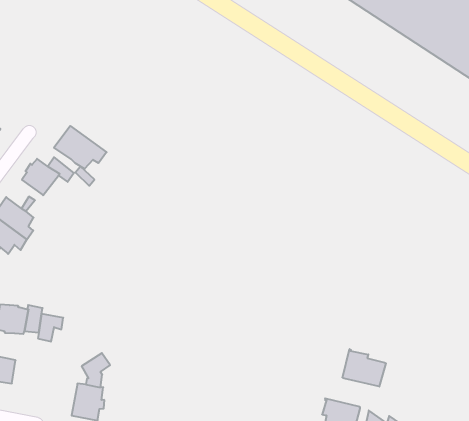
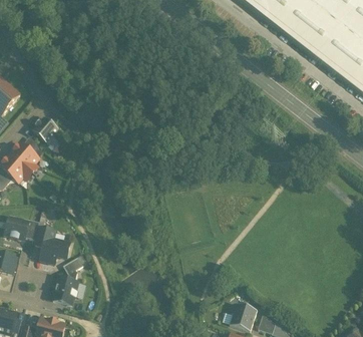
building: [54,126,107,169] -> none
building: none -> [39,236,69,263]
building: [343,349,386,387] -> none

